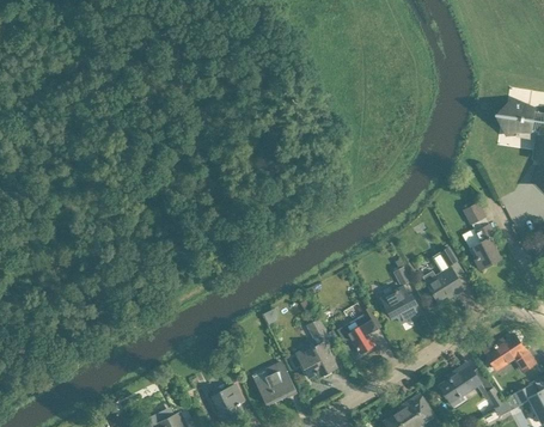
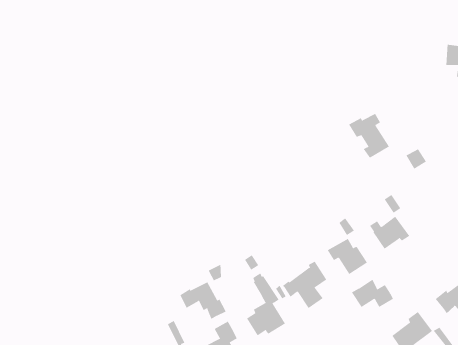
building: [462,225,501,269] -> [348,113,390,159]
building: none -> [179,282,227,320]
building: none -> [351,279,394,308]

